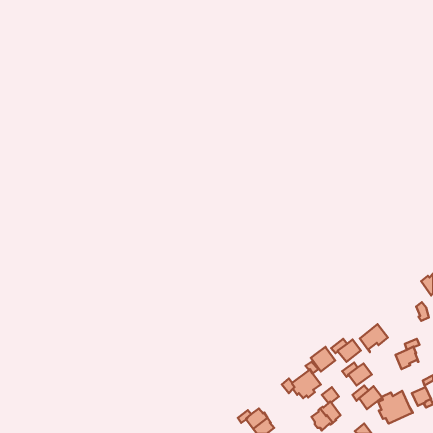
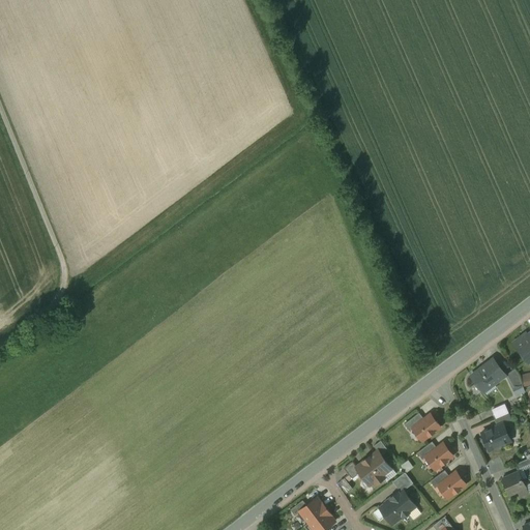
building: [360,324,388,352] -> [471,359,505,393]
building: [311,347,335,372] -> none
building: [378,391,413,424] -> none

